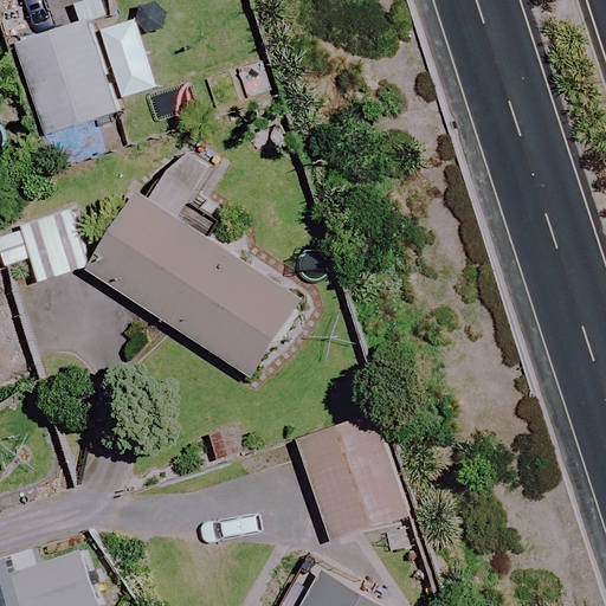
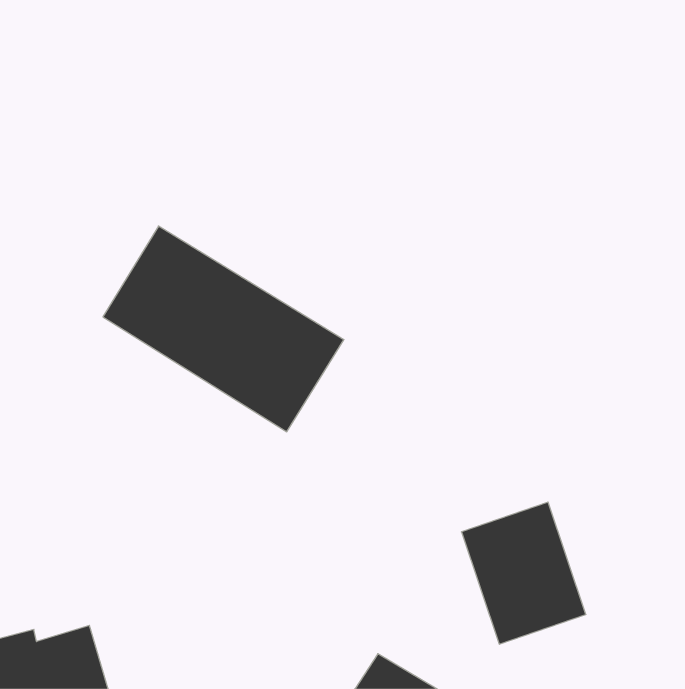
building: [36,20,114,127] -> none
building: [296,418,405,542] -> [461,502,586,644]

